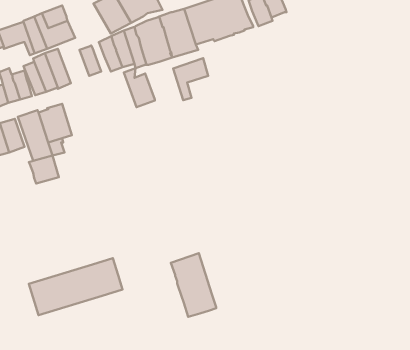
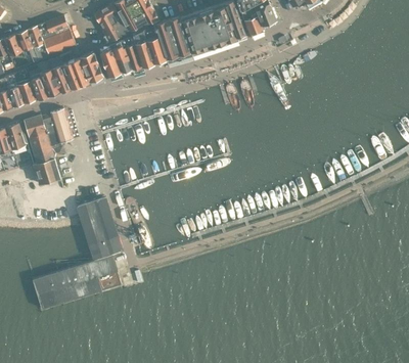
building: [173,58,208,100] -> none
building: [124,68,155,107] -> [59,52,89,89]
building: [171,253,216,317] -> [78,197,121,258]

